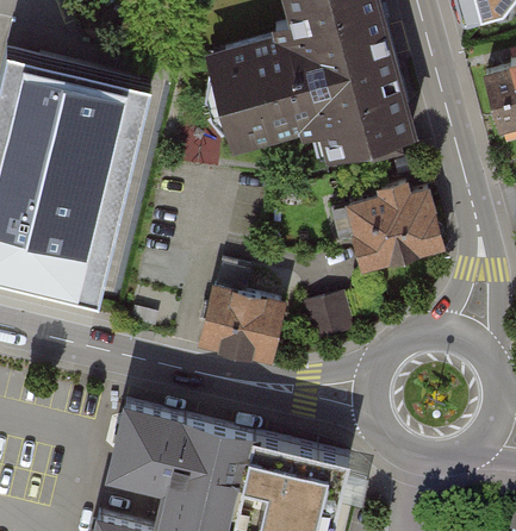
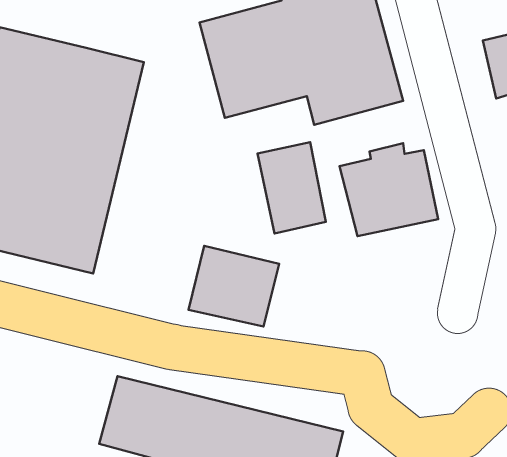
building: none -> [258,142,326,233]
building: [298,295,352,345] -> none

